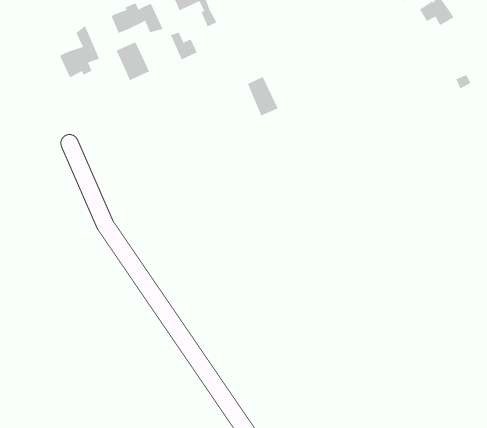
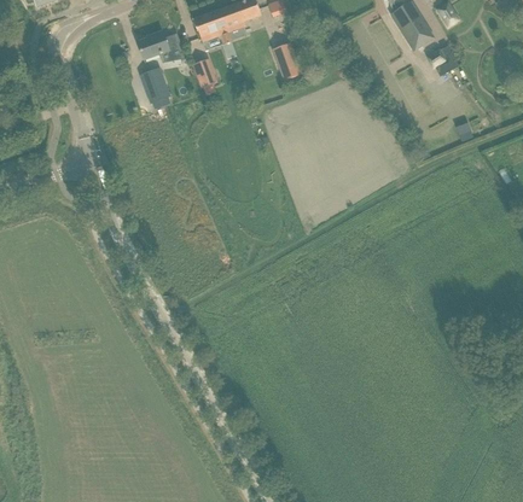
building: [60,25,100,78] -> none
building: [247,76,279,116] -> [273,42,301,80]

